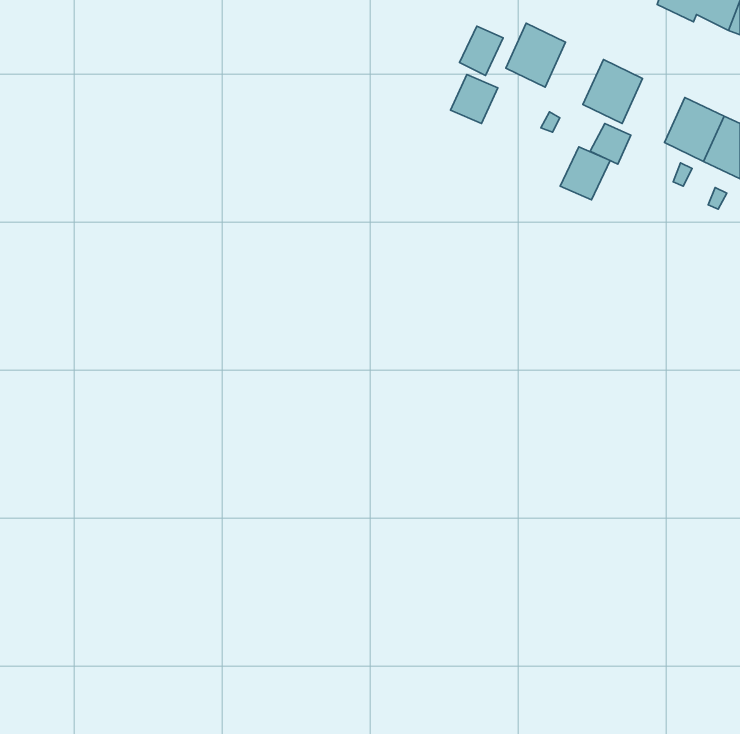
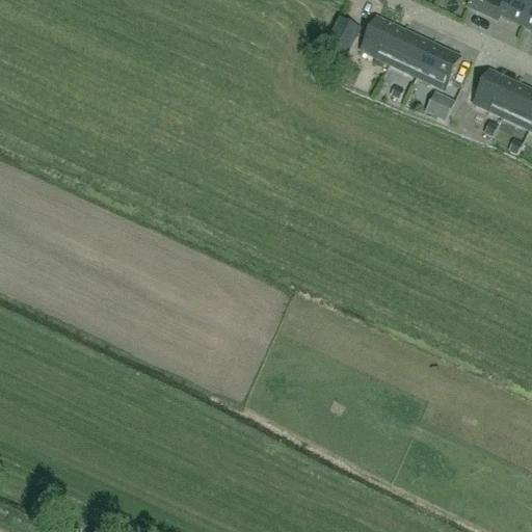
building: none -> [390,30,431,75]
building: [450,75,498,123] -> none
building: [560,147,610,200] -> none

